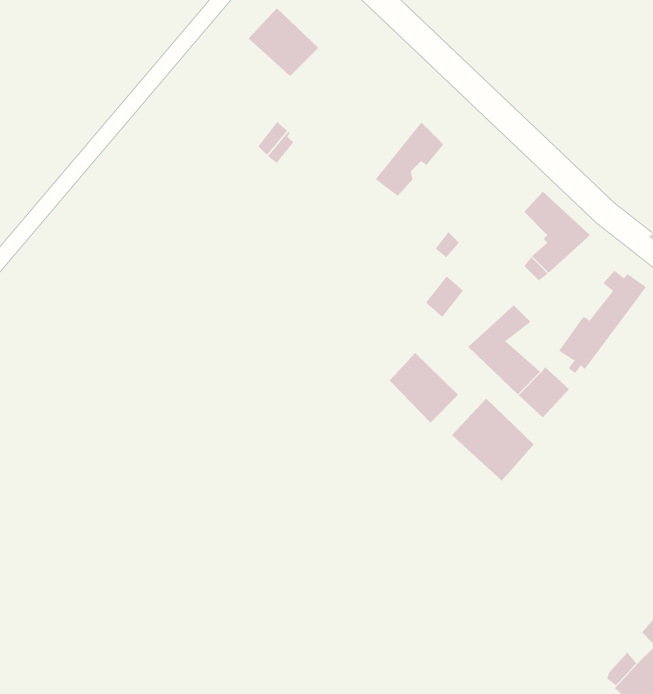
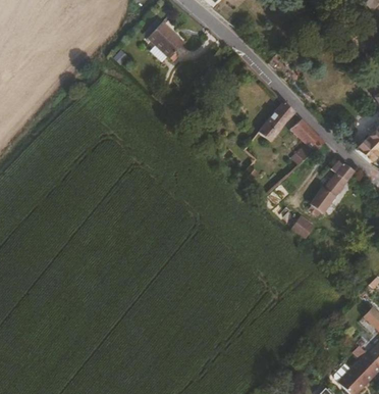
building: [375,121,444,197] -> [259,101,295,141]
building: [389,352,459,423] -> none
building: [451,398,534,482] -> none

